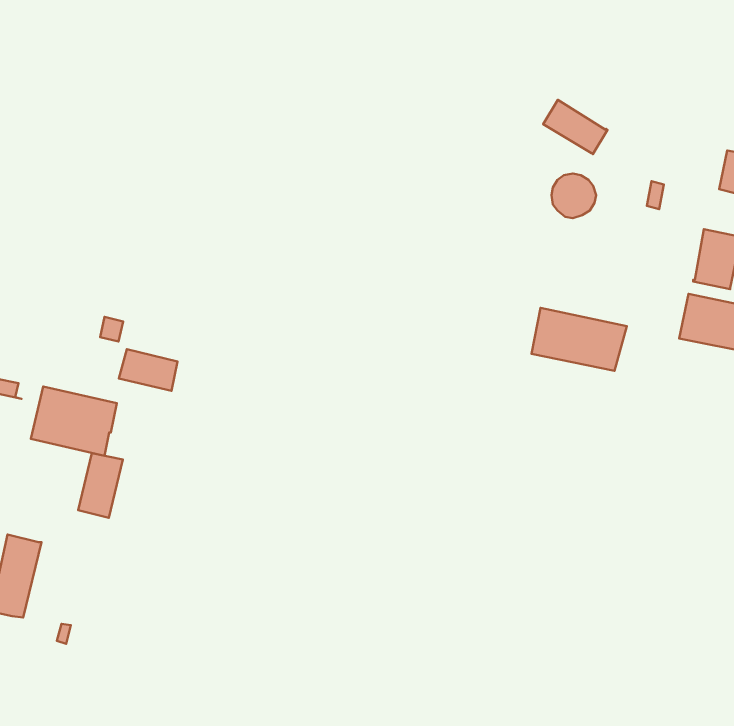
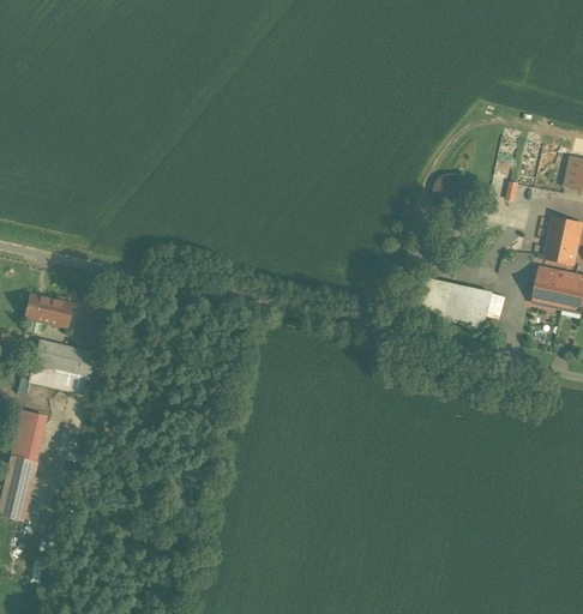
building: [543,100,607,154] -> none
building: [119,349,178,391] -> [26,294,72,326]
building: [78,453,123,518] -> [12,410,47,460]

